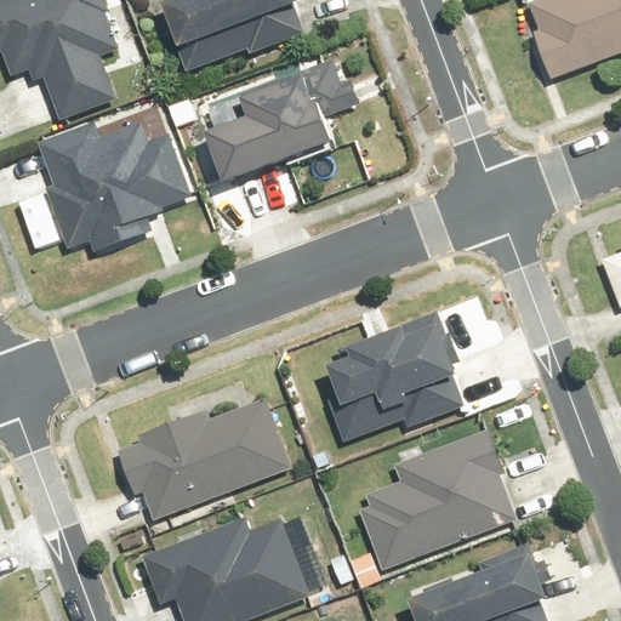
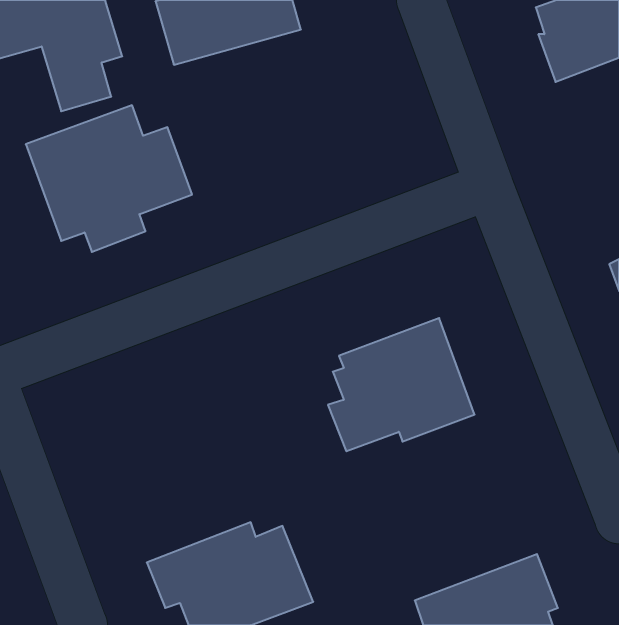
building: [194,53,349,175] -> none
building: [118,404,291,522] -> none
building: [355,435,519,574] -> none

